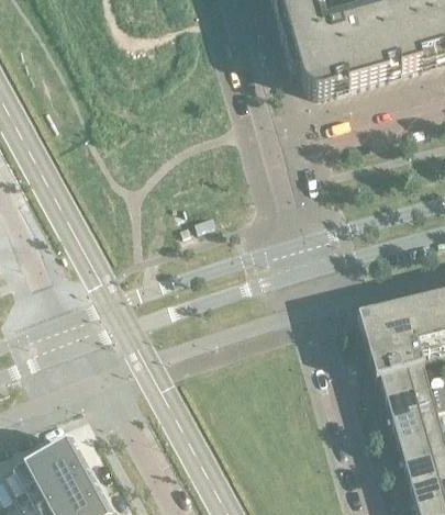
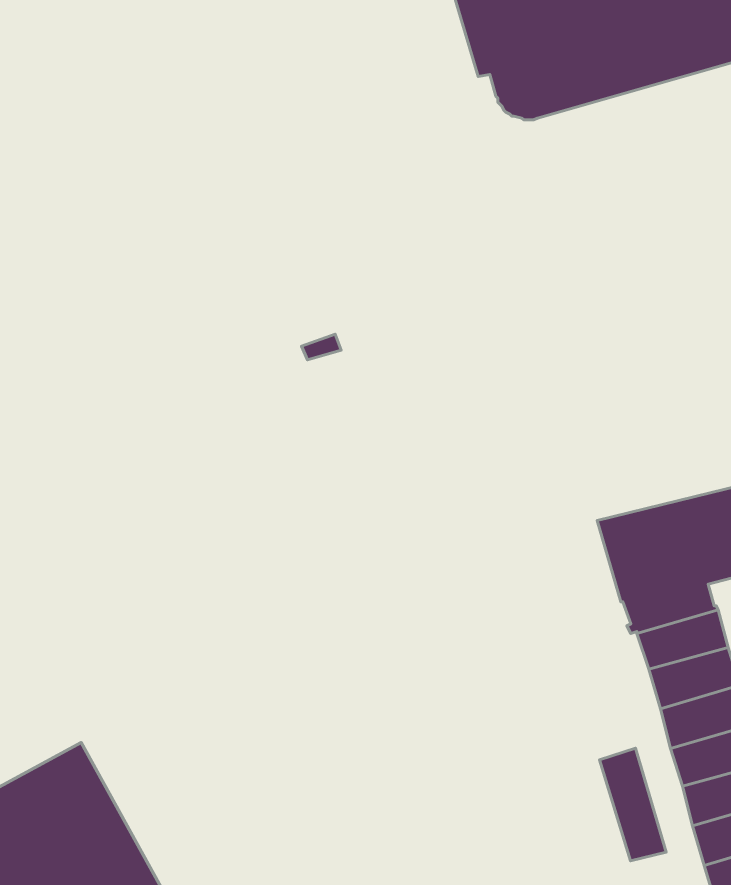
building: none -> [600,748,666,861]

